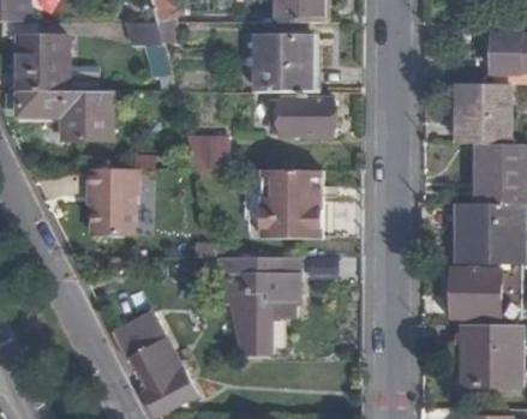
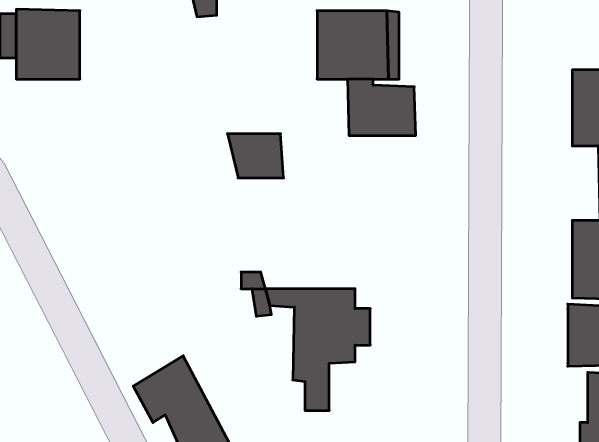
building: [17,91,112,139] -> none
building: [83,169,139,235] -> none
building: [240,169,321,238] -> none

